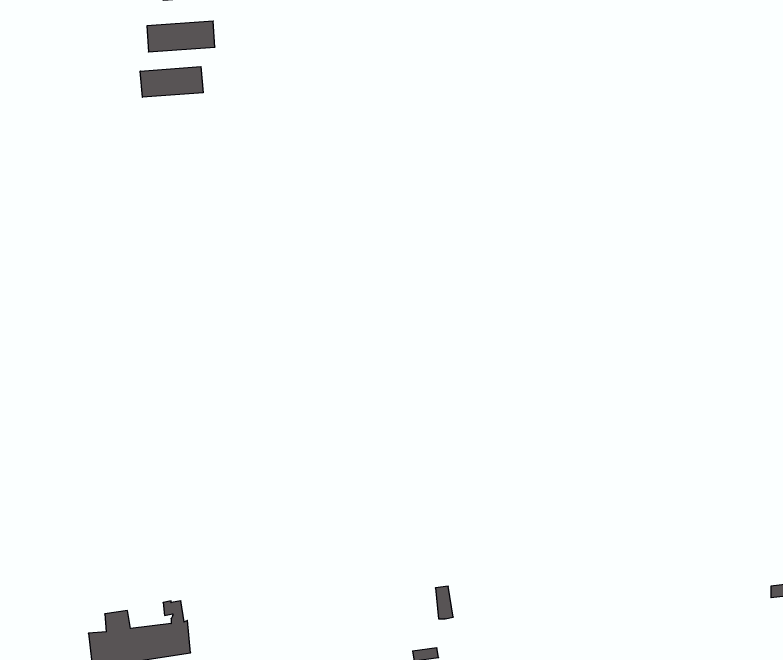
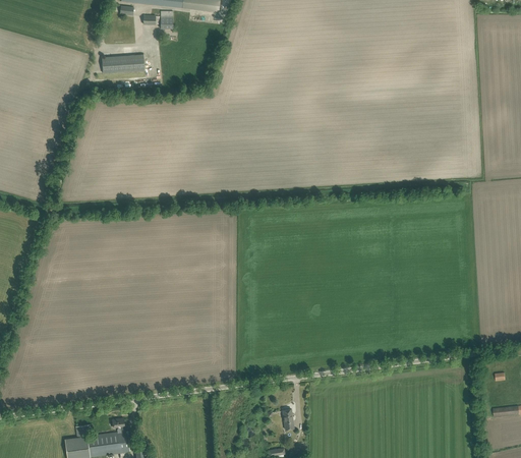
building: [140,67,203,97] -> none

